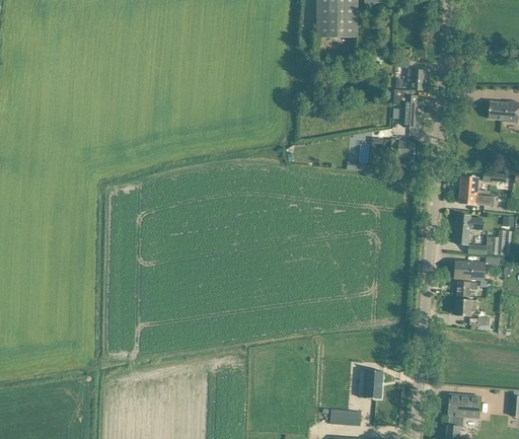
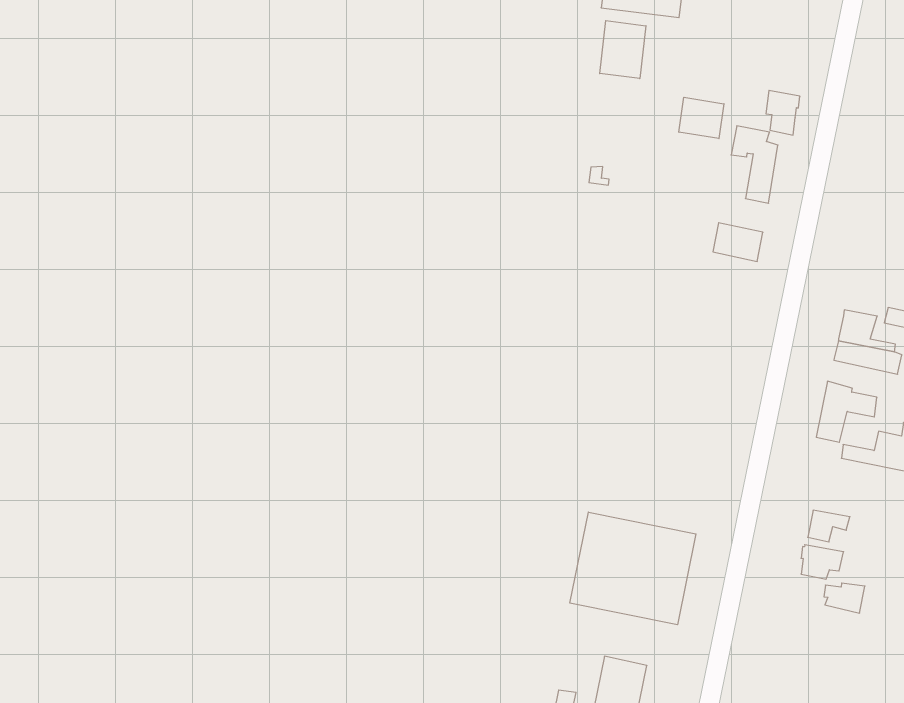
building: none -> [600,21,646,79]
building: none -> [679,97,724,139]
building: [454,260,486,279] -> none
building: none -> [570,512,696,625]

